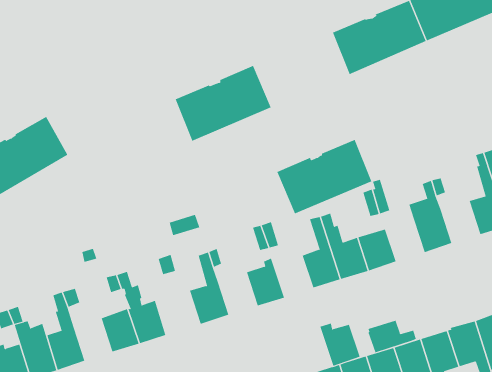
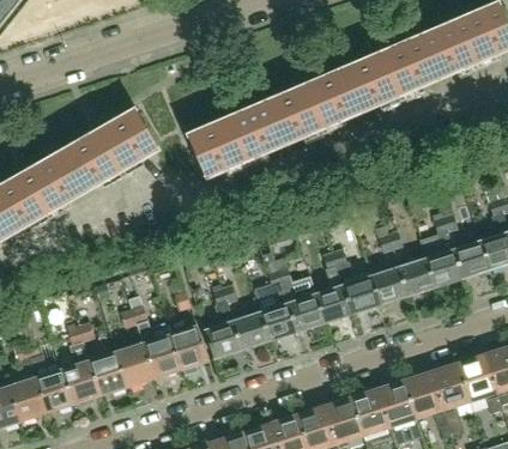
building: none -> [61,110,157,190]
building: [276,139,372,214] -> [266,69,361,144]
building: none -> [452,236,490,278]
building: none -> [397,254,435,296]
building: none -> [231,307,270,348]
building: none -> [169,326,207,369]
building: none -> [89,352,126,394]
building: [367,320,417,353] -> none
building: [319,323,361,367] -> [284,289,325,332]

